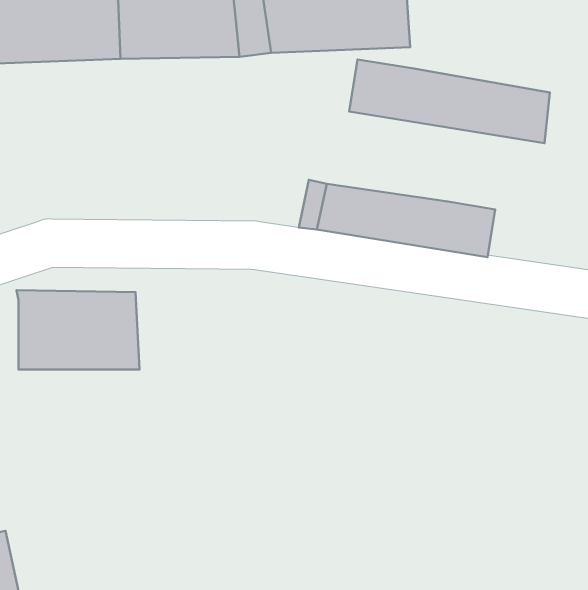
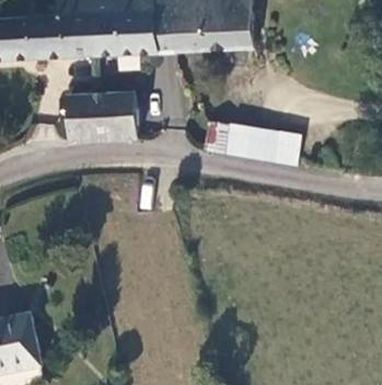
building: [349,60,550,143] -> none
building: [17,290,139,370] -> [68,97,136,140]

